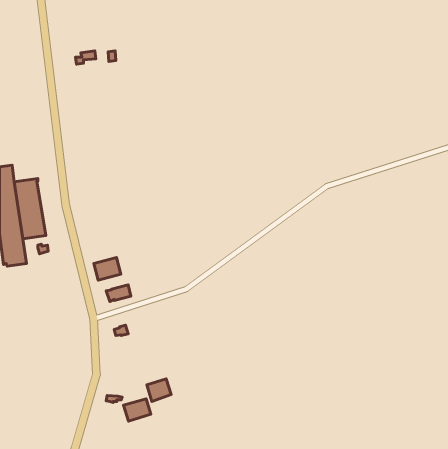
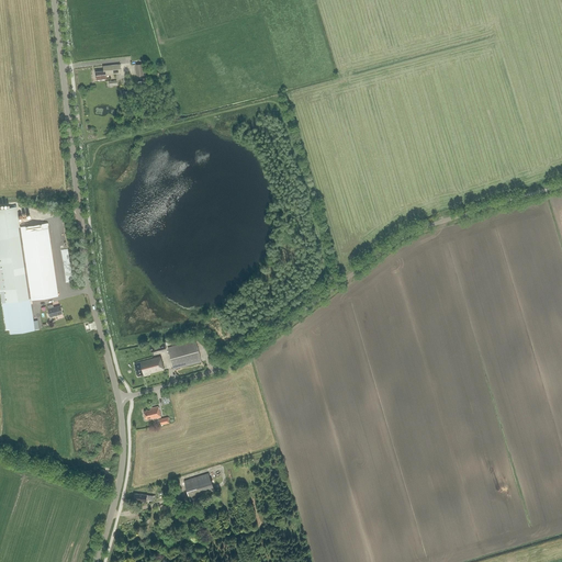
building: [94,257,121,280] -> [167,340,201,369]
building: [123,399,151,421] -> none

